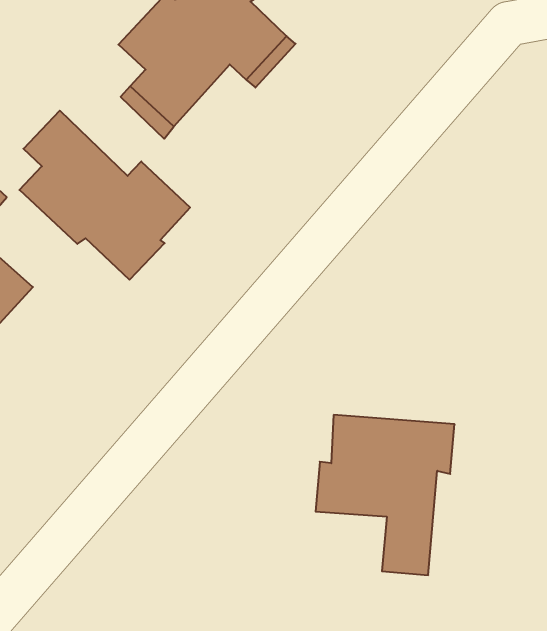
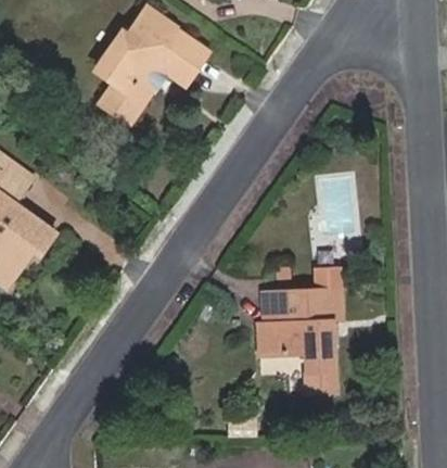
building: [19,111,190,280] -> none

